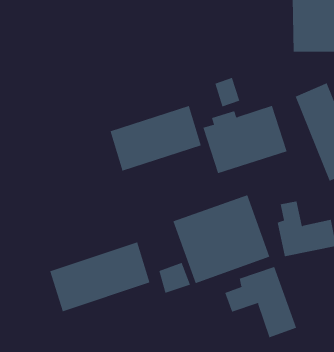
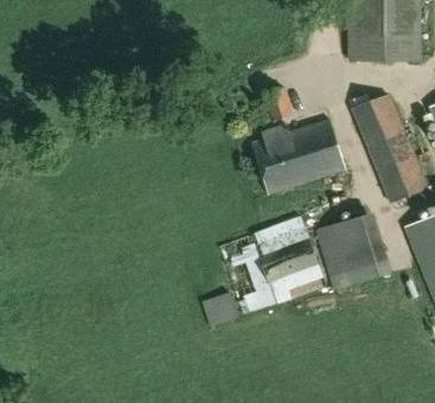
building: [110,105,201,172] -> none
building: [49,242,150,312] -> none
building: [224,266,297,338] -> none

